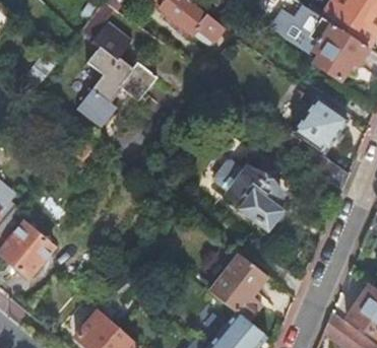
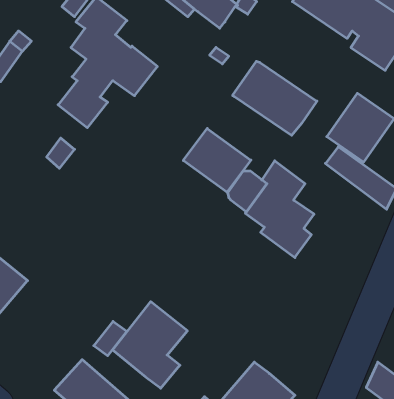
building: none -> [233,61,317,135]
building: none -> [183,128,251,192]
building: [209,253,269,322] -> [112,302,187,388]

